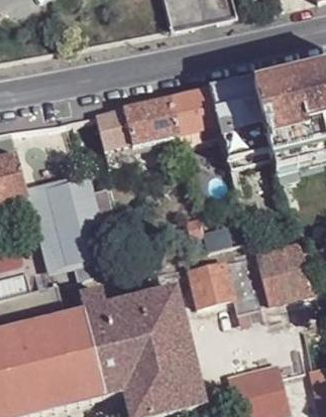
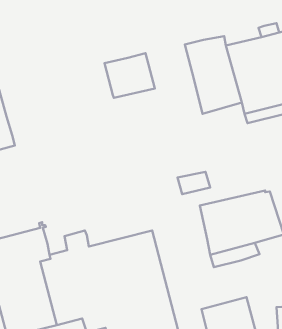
building: [169,87,221,134] -> none
building: [94,107,133,148] -> none
building: [24,169,110,274] -> none
building: [189,260,235,305] -> none

